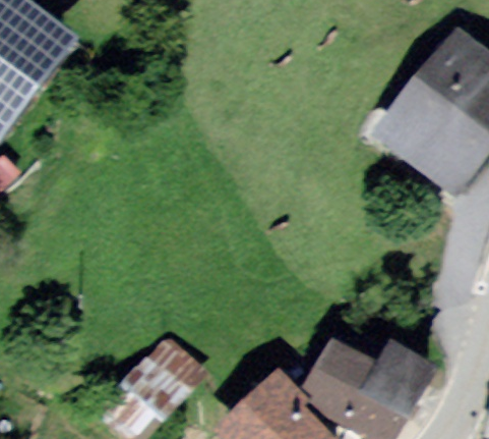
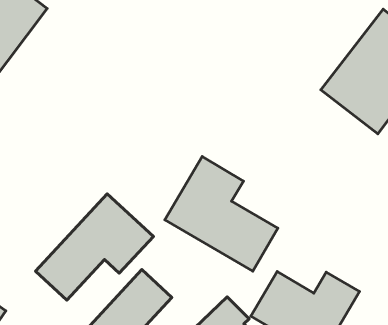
building: none -> [165,157,278,271]
building: none -> [35,194,153,300]

